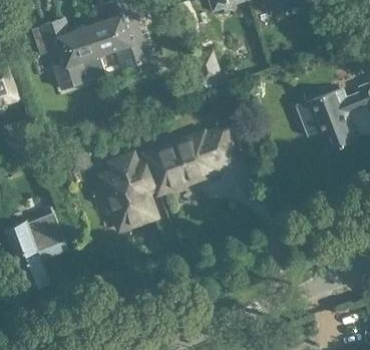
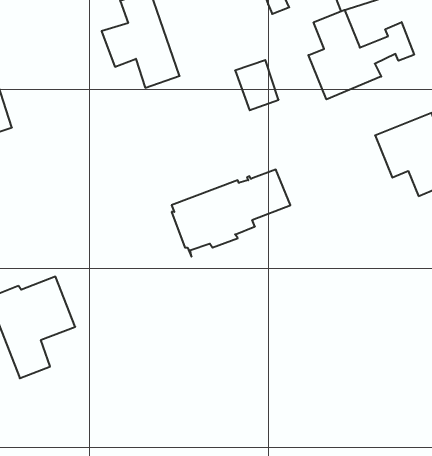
building: none -> [308,10,414,99]
building: [32,16,105,88] -> none
building: [99,156,153,231] -> none

